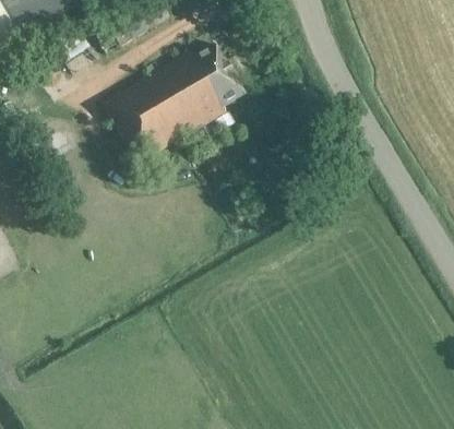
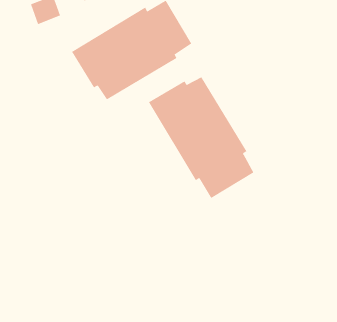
building: none -> [148,76,254,199]

